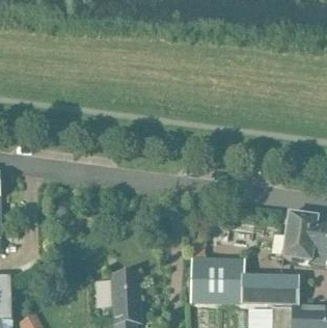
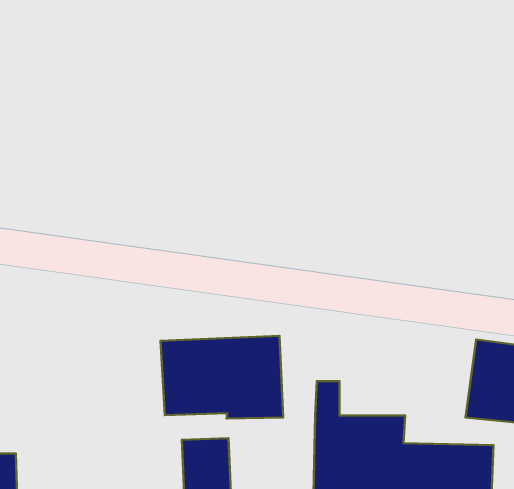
building: none -> [161,336,283,418]

